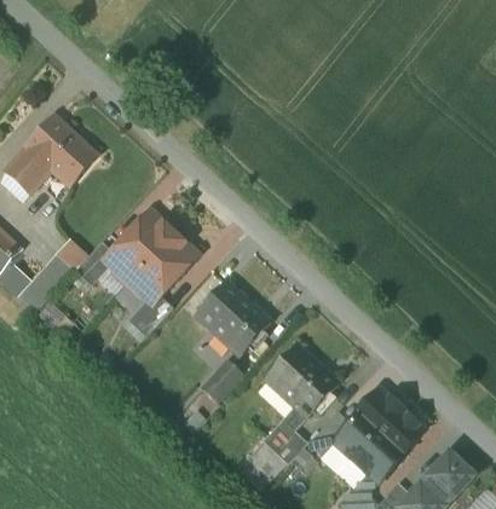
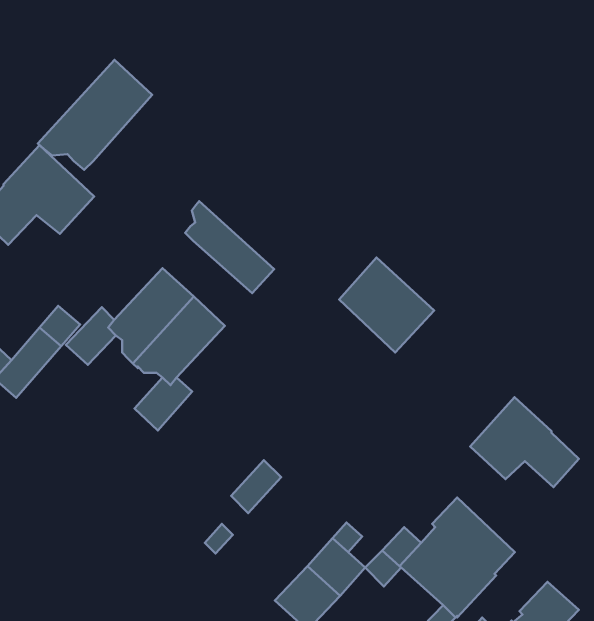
building: none -> [38,60,152,170]
building: none -> [185,201,274,293]
building: [197,280,271,354] -> [339,258,434,353]
building: none -> [470,397,579,487]
building: [265,346,338,417] -> none

